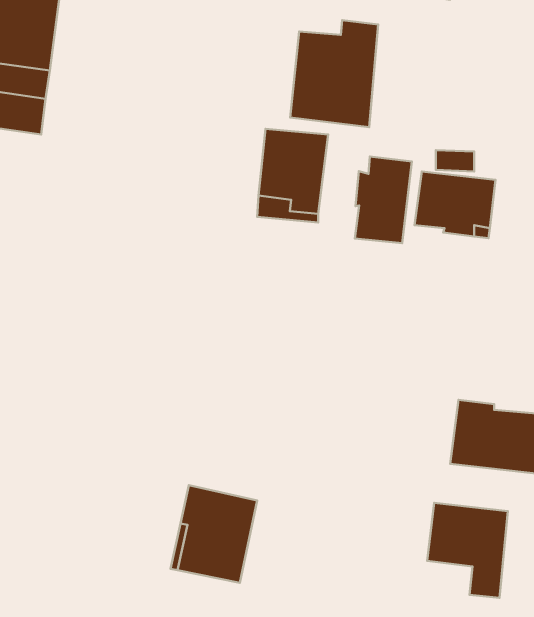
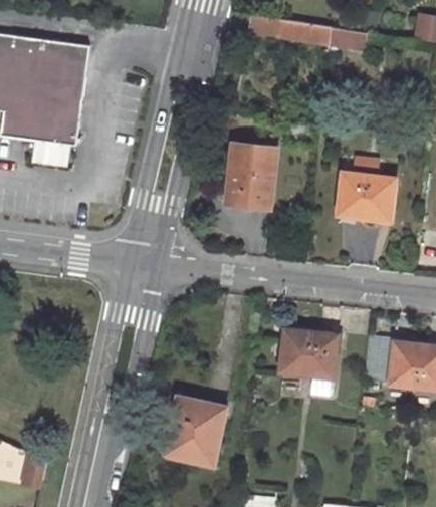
building: [290,20,378,127] -> none
building: [355,156,412,243] -> none
building: [427,503,508,598] -> [281,328,339,396]

